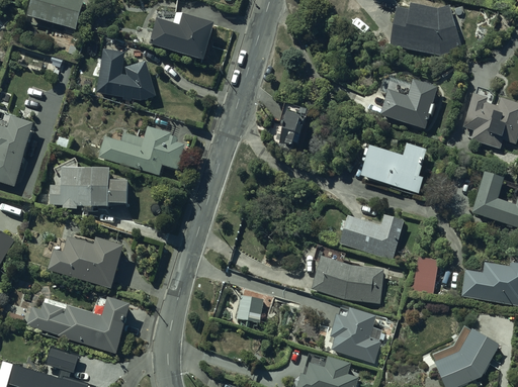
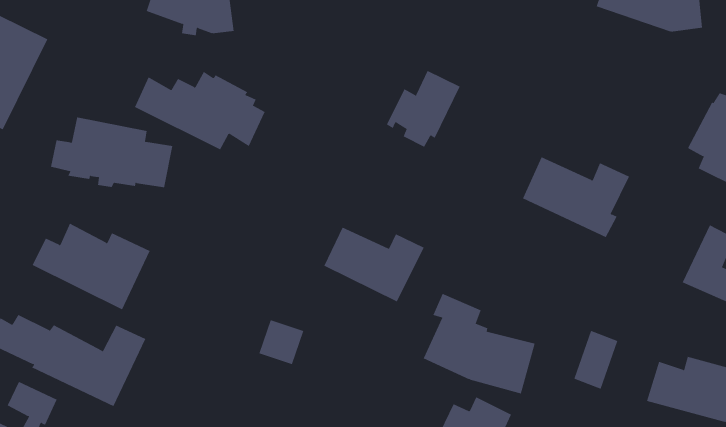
building: [380,74,437,126] -> none
building: [340,213,404,258] -> [324,227,424,302]
building: [236,293,263,320] -> [259,319,304,365]

